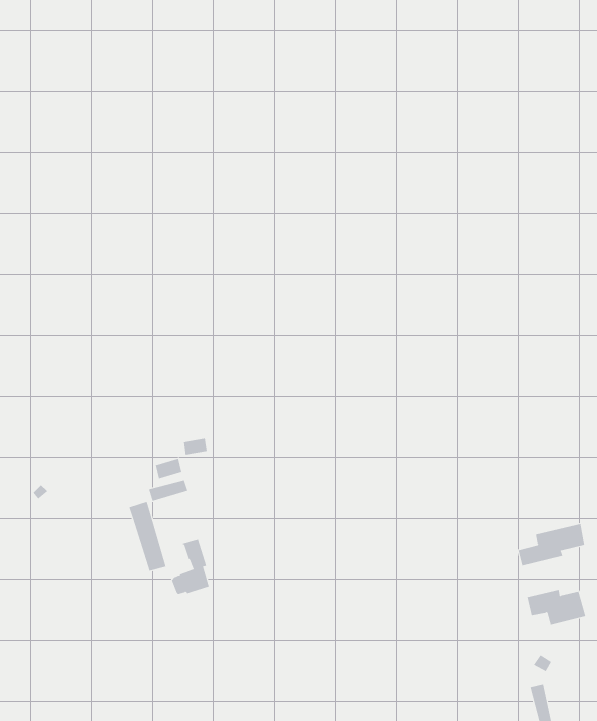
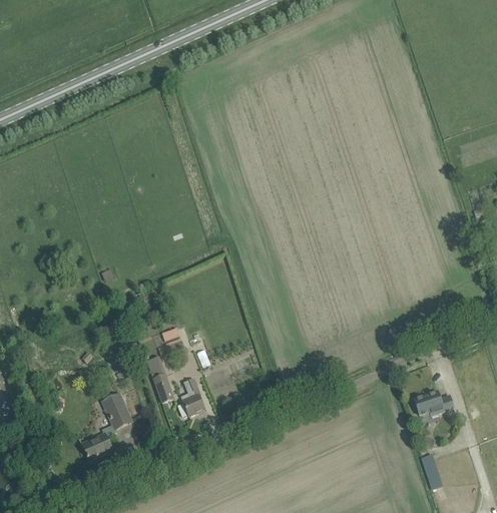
building: [518,523,585,566] -> none
building: none -> [82,393,131,460]

